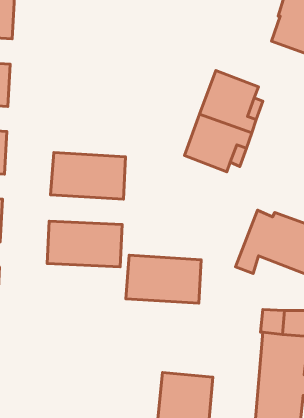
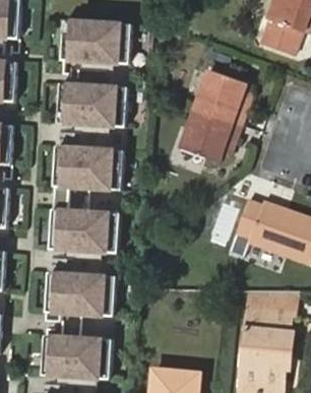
building: none -> [59,19,129,63]
building: none -> [56,82,126,126]
building: [126,255,201,303] -> [45,271,115,316]
building: none -> [42,334,112,378]

